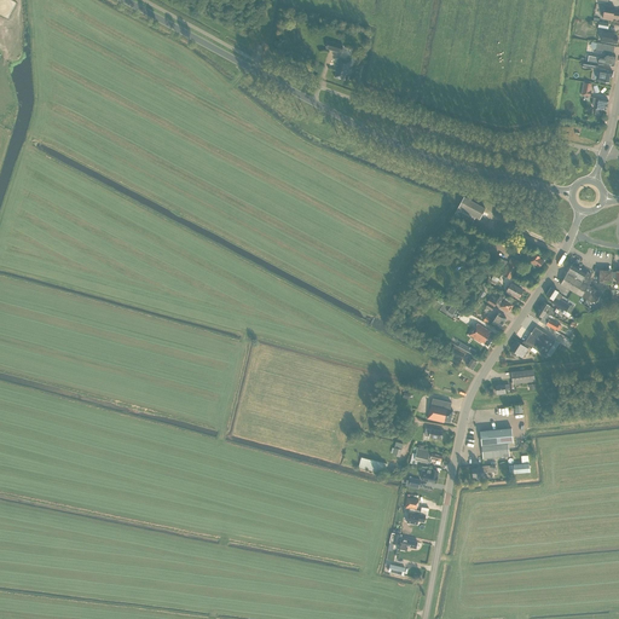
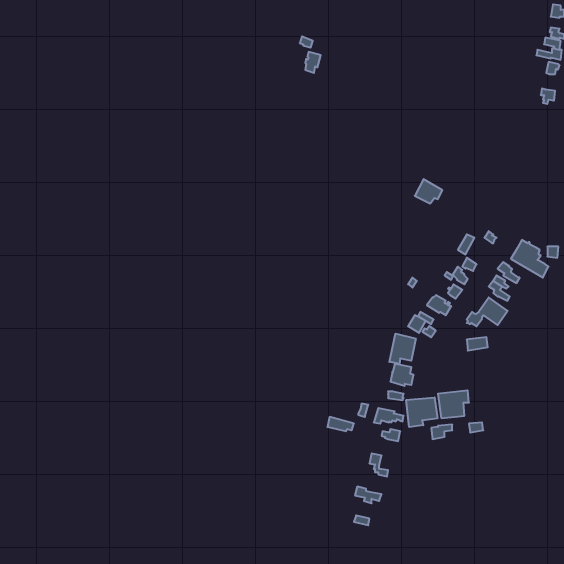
building: none -> [389,334,416,364]
building: none -> [406,397,437,427]

